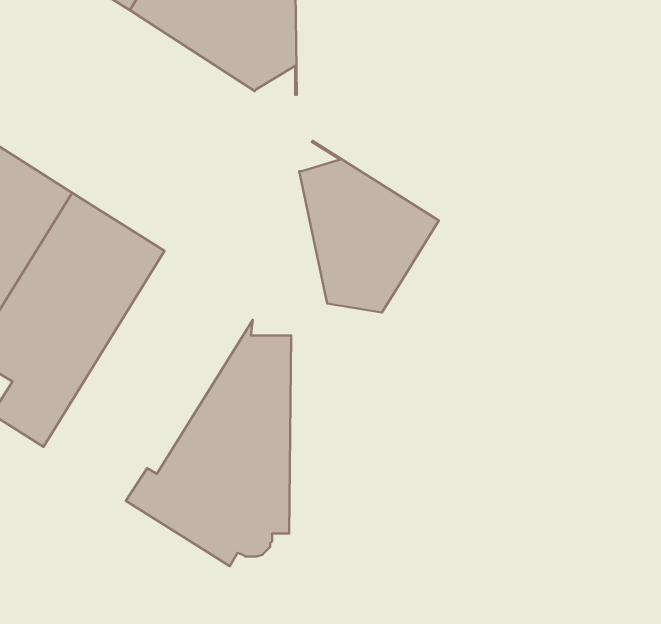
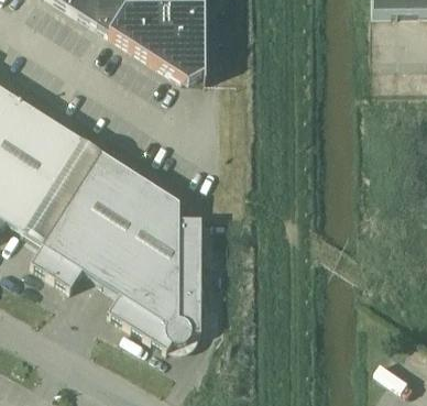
building: [299,141,439,313] -> none
building: none -> [58,167,178,295]

